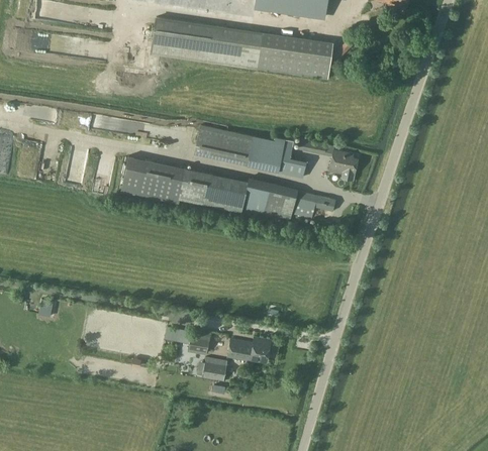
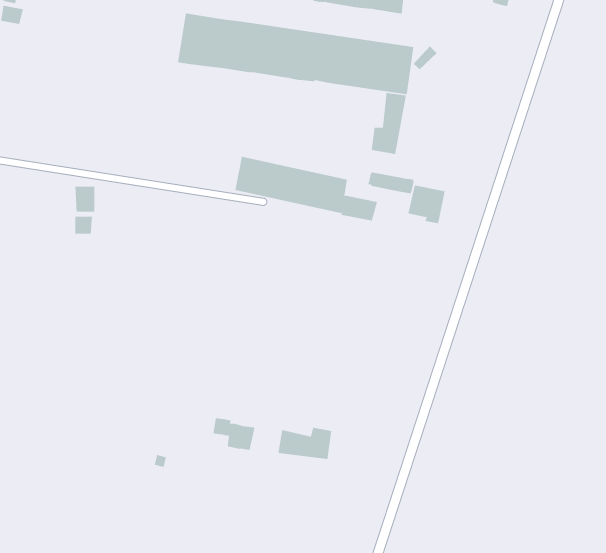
building: none -> [371,92,406,155]
building: [122,158,334,219] -> none
building: [202,357,227,381] -> none

